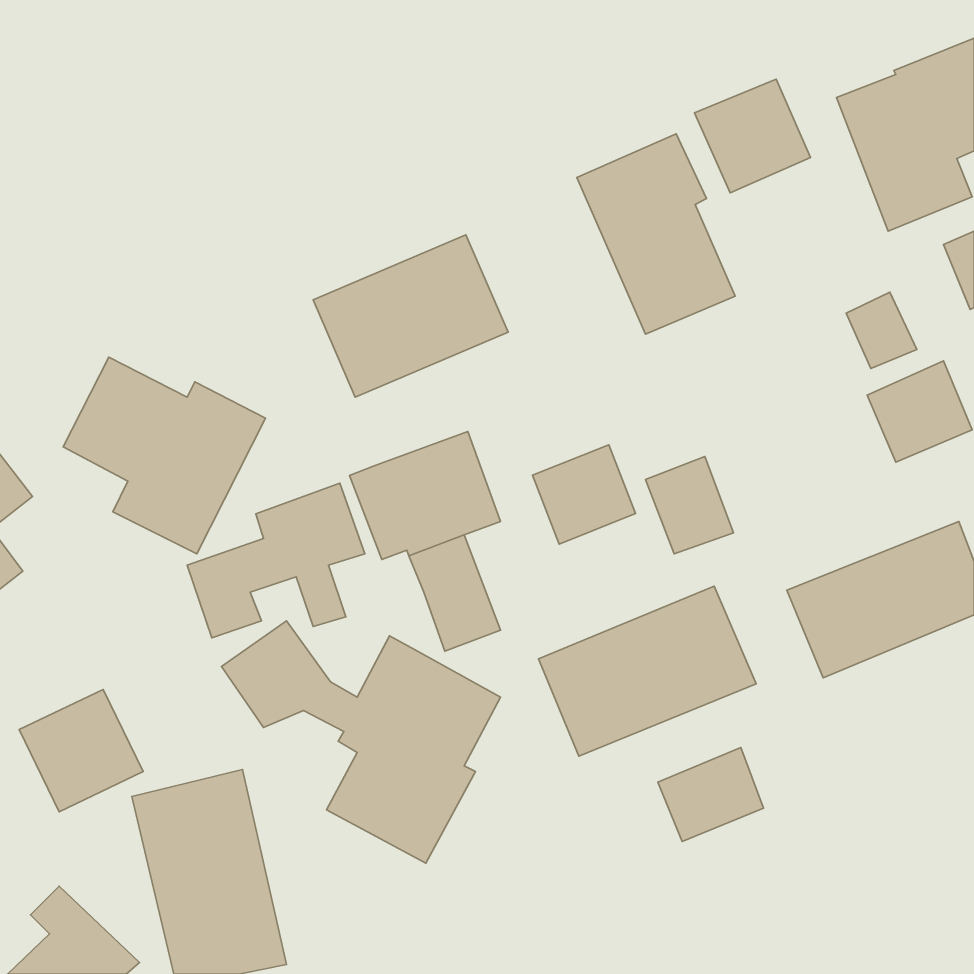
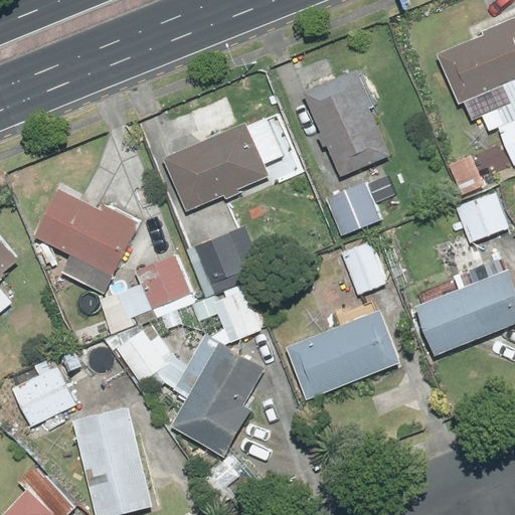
building: [695,79,810,193] -> none
building: [532,445,635,544] -> [327,182,381,234]
building: [658,747,763,842] -> none

